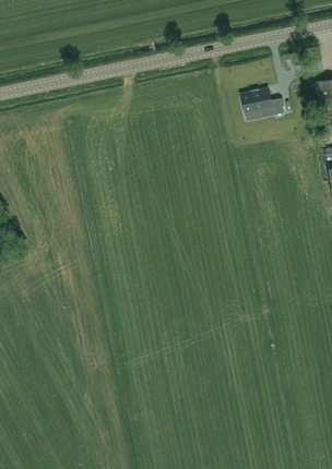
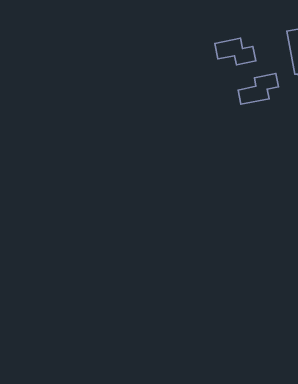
building: none -> [238,74,278,104]

